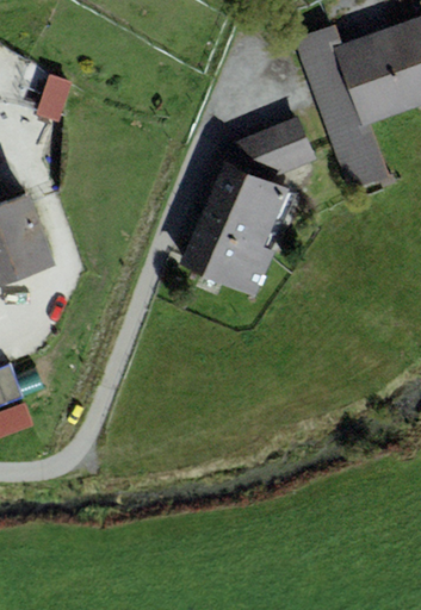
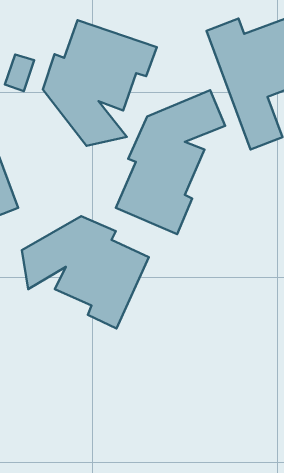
building: none -> [43,20,157,146]
building: none -> [22,216,149,328]

